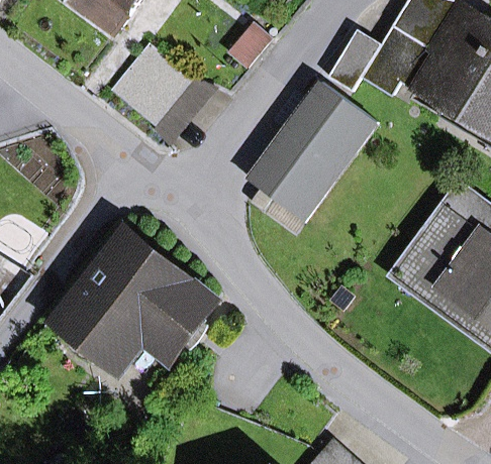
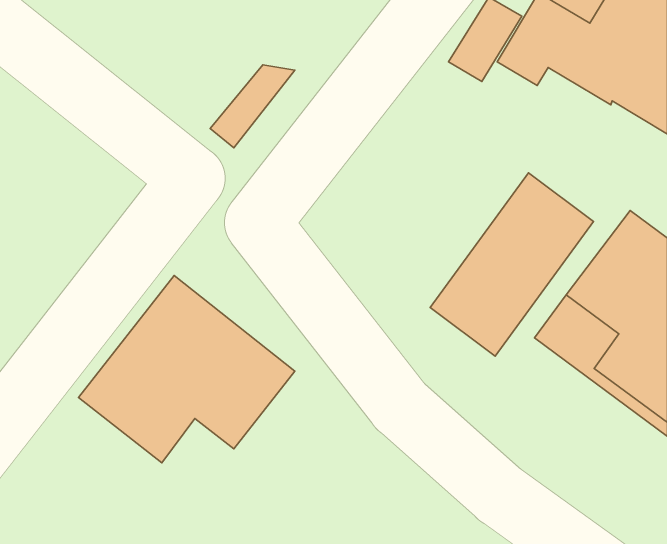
building: [110,43,192,126] -> none
building: [258,88,377,221] -> [430,173,594,356]

